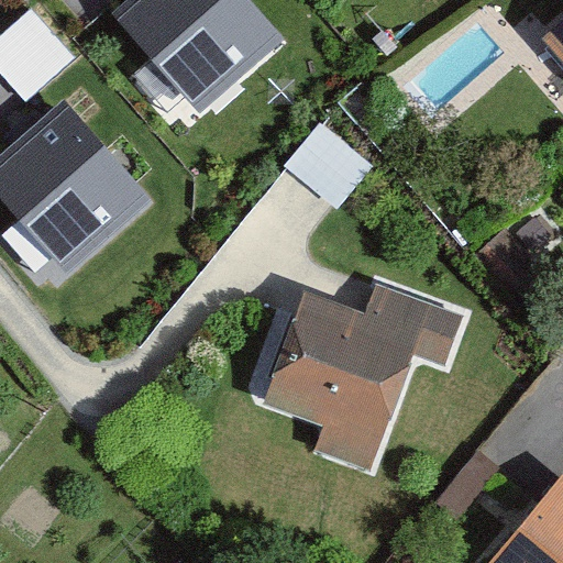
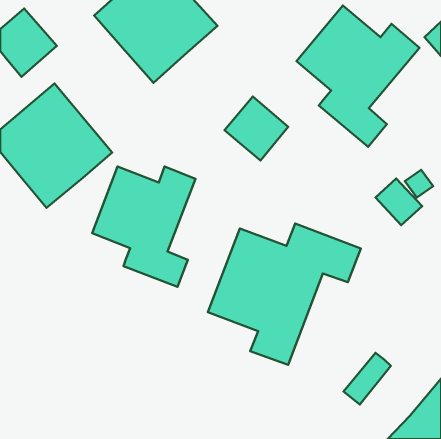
building: none -> [297,6,419,147]
building: none -> [92,167,196,287]

